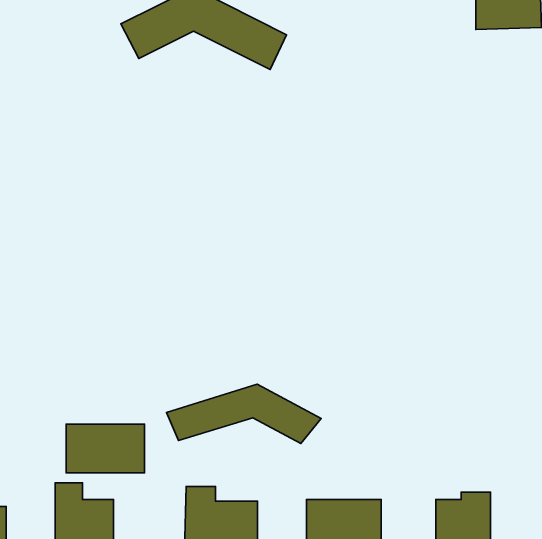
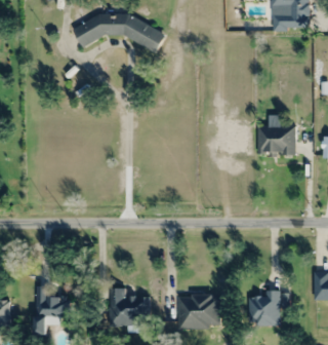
building: none -> [258,124,295,155]
building: [167,384,321,444] -> none
building: [66,424,145,473] -> none

